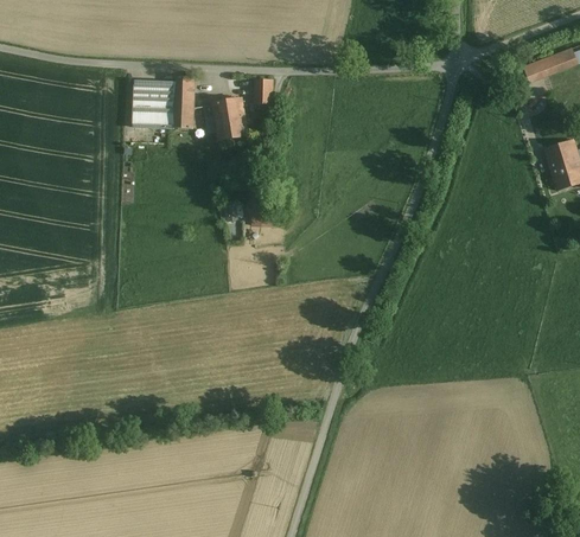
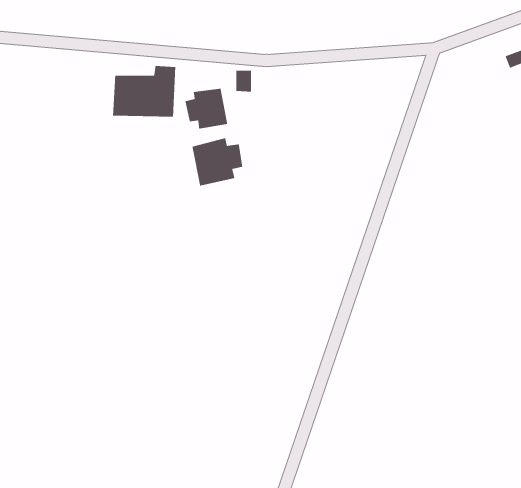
building: none -> [192,137,243,187]

